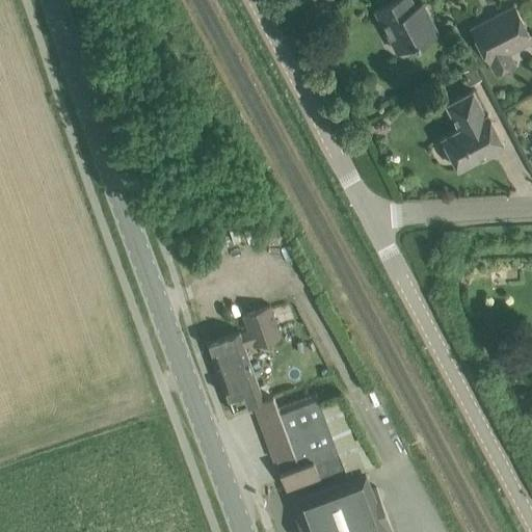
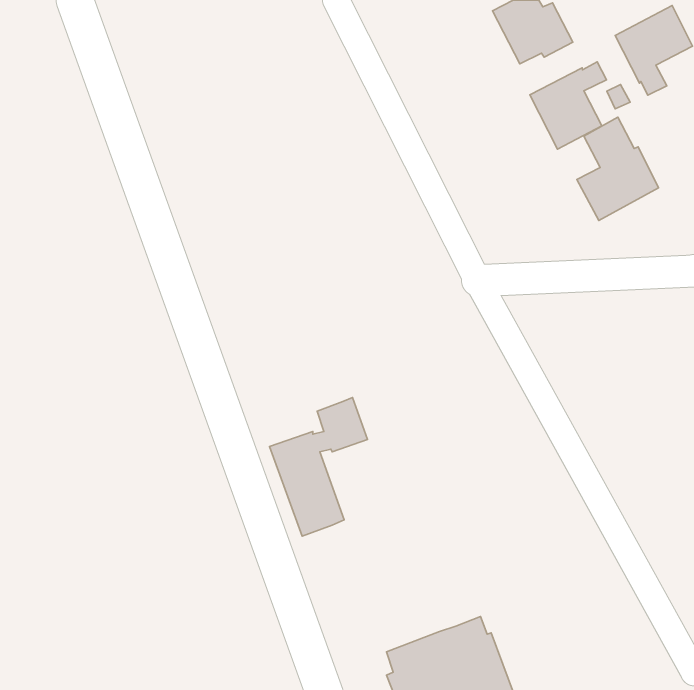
building: none -> [530,62,607,149]
building: [254,397,376,495] -> none

